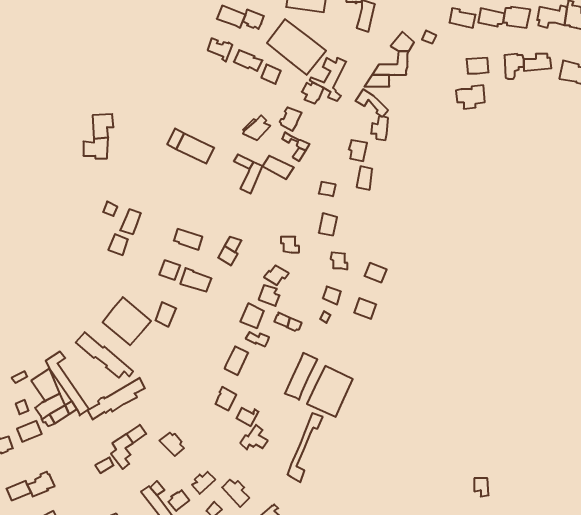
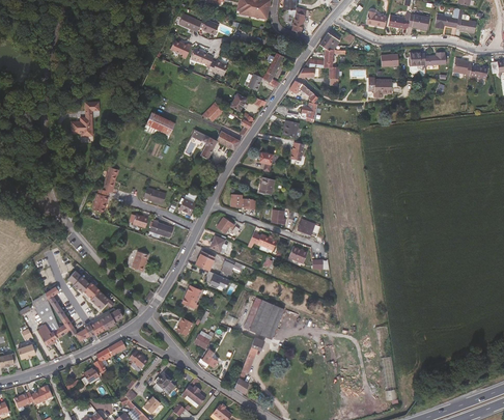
building: [267,19,326,75] -> none
building: [103,297,151,345] -> none

